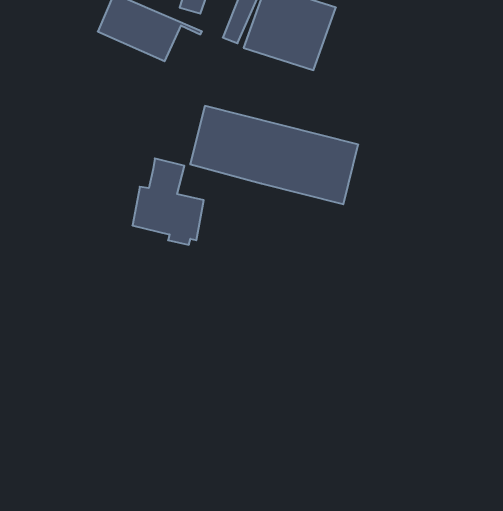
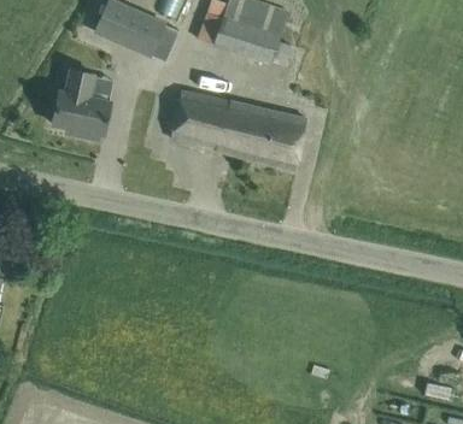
building: [132,158,204,245] -> [52,67,110,137]

